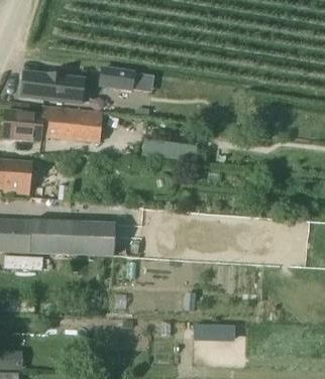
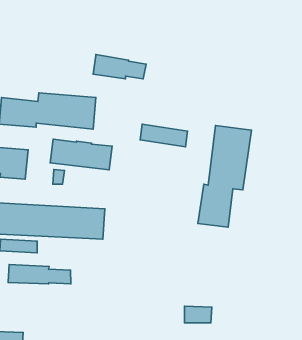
building: [20,72,84,103] -> [50,139,112,170]
building: none -> [198,125,251,227]
building: none -> [8,264,71,284]

